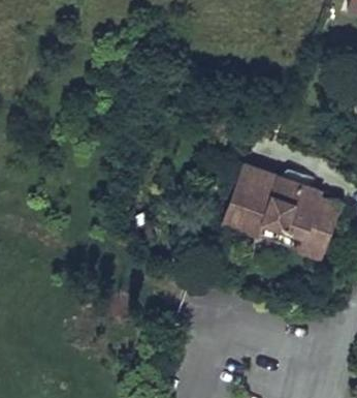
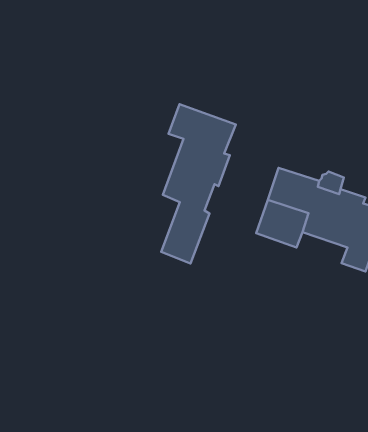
building: none -> [161,104,236,263]

